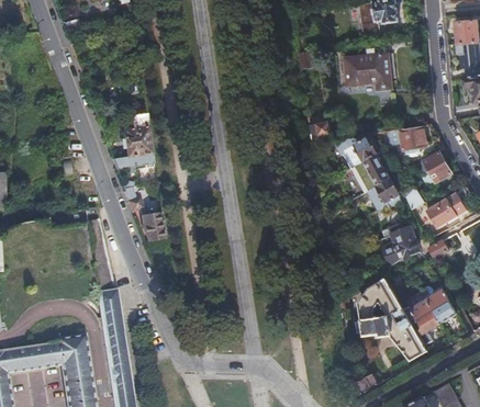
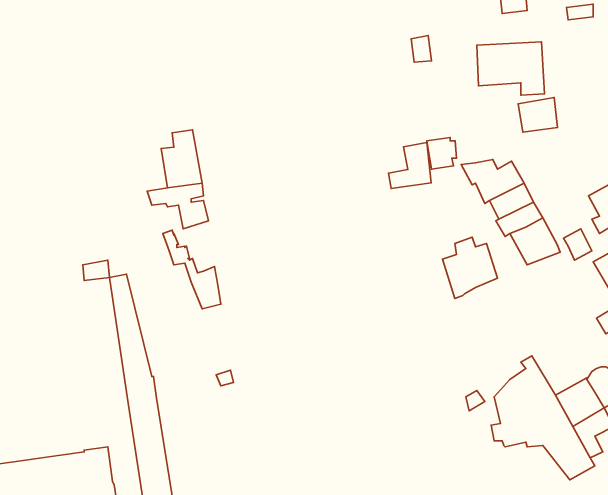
building: none -> [388,142,431,188]
building: [399,125,426,149] -> [518,98,557,132]
building: [379,222,417,264] -> [442,237,497,299]

